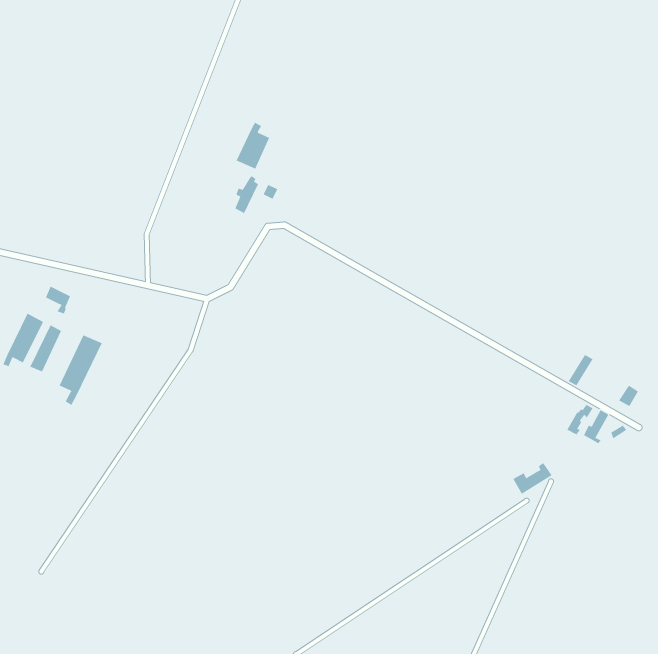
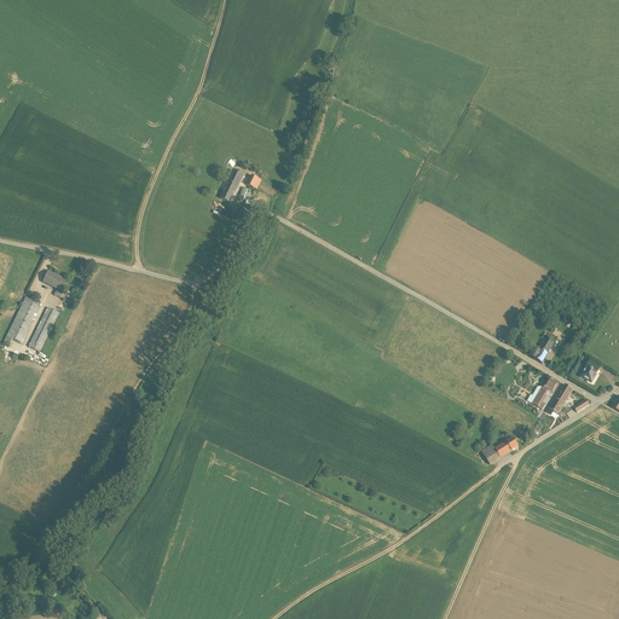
building: [236,122,270,169] -> none
building: [59,335,102,406] -> none

